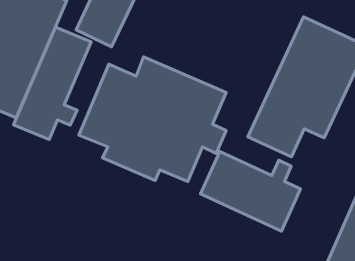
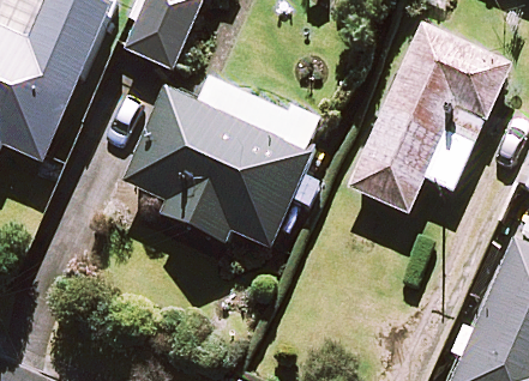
building: [14,27,91,140] -> none
building: [201,152,301,231] -> none

